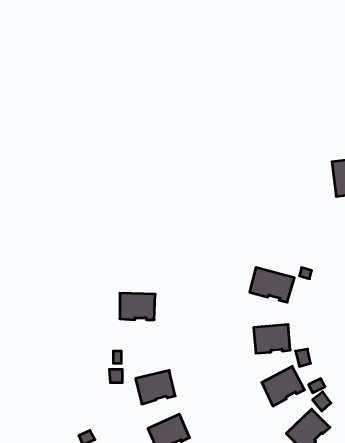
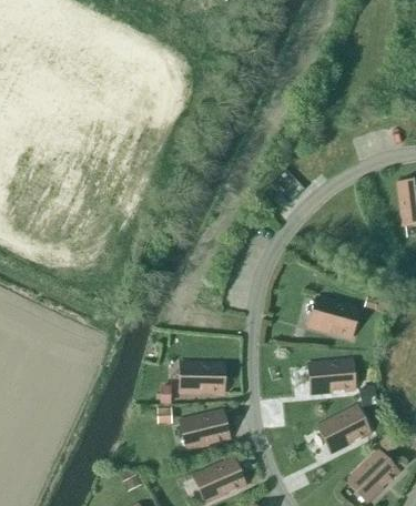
building: [120,293,155,320] -> [183,363,222,392]

